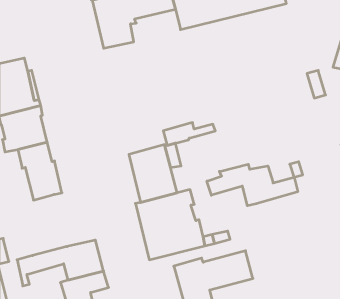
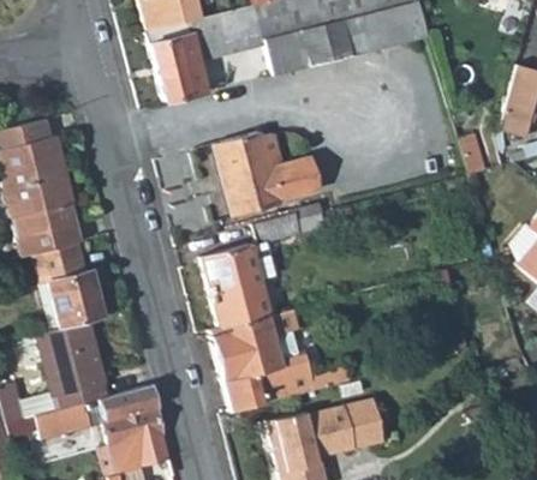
building: none -> [210,131,316,216]
building: [207,164,298,206] -> none
building: none -> [41,317,109,407]

